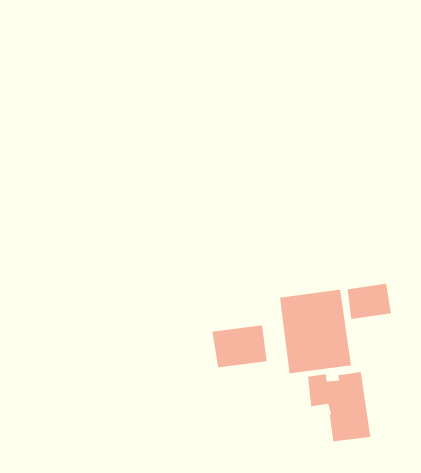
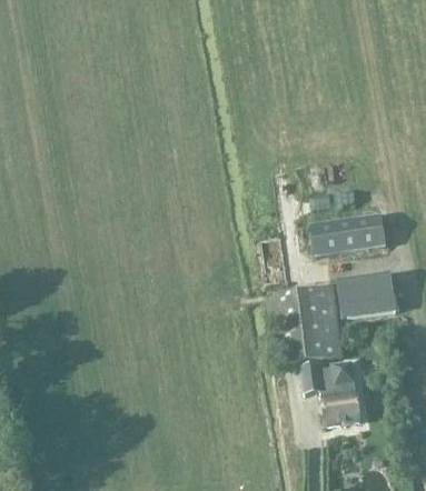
building: none -> [310,213,387,255]
building: [212,324,267,368] -> none

